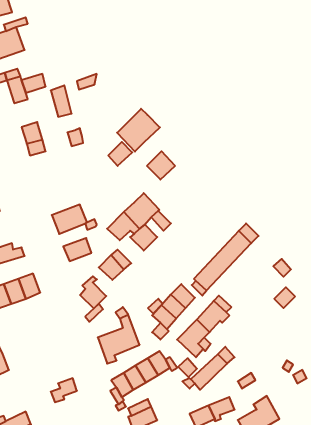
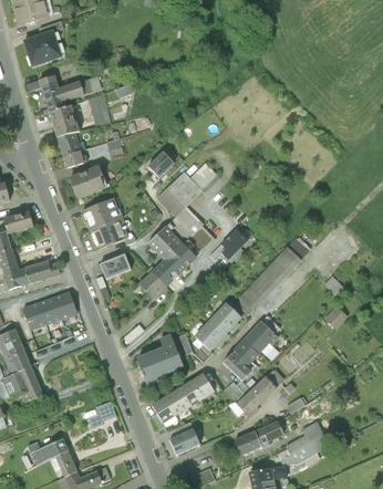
building: none -> [49,105,77,137]
building: [117,109,160,152] -> [157,171,203,217]
building: none -> [69,166,103,199]
building: none -> [82,199,121,230]
building: none -> [215,228,247,260]
building: [80,276,106,309] -> [158,247,186,281]

